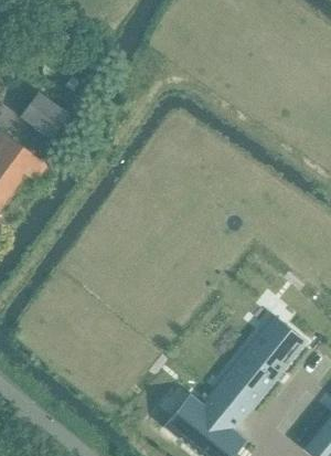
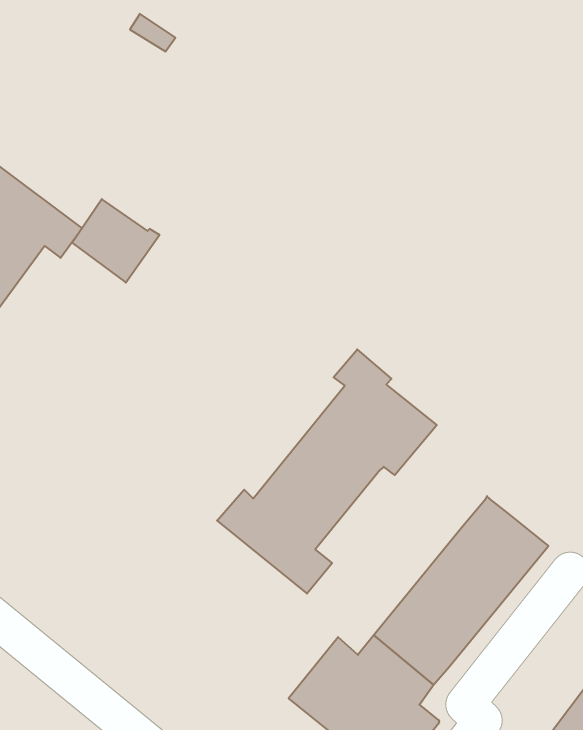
building: [21,92,70,138] -> [72,199,160,283]
building: none -> [217,349,437,594]

